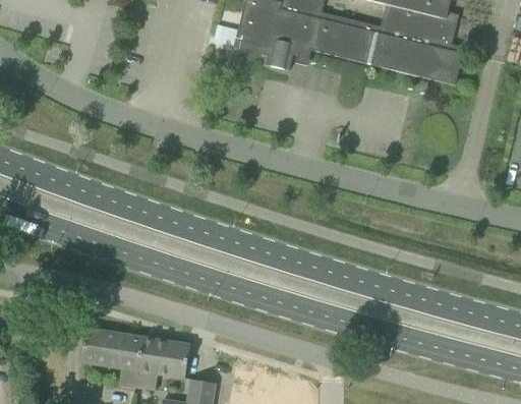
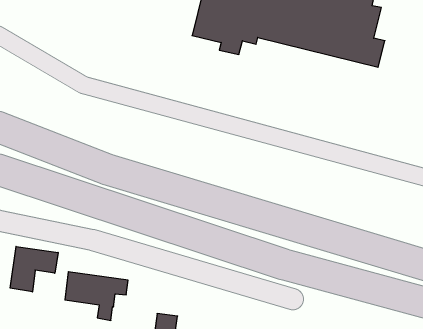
building: none -> [10,246,58,292]
building: [136,339,190,390] -> none

